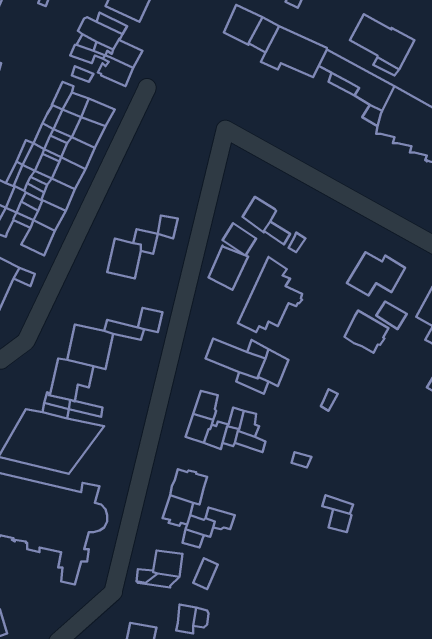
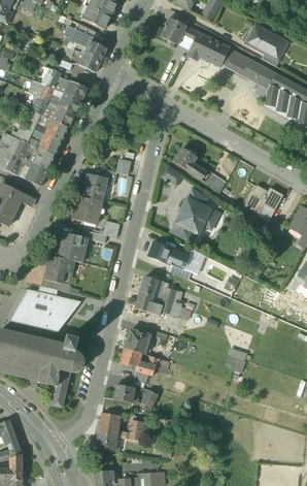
building: [208,246,248,290] -> none
building: none -> [72,195,101,224]
building: [345,311,388,353] -> none
building: none -> [98,412,118,435]

